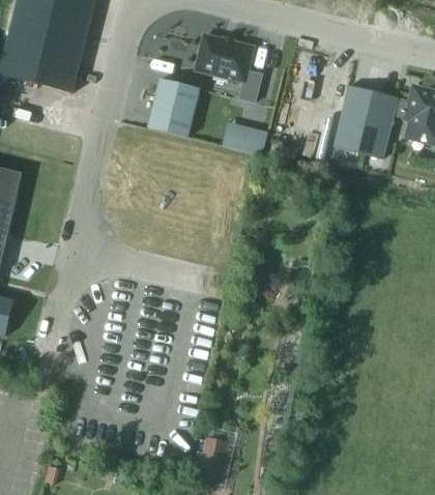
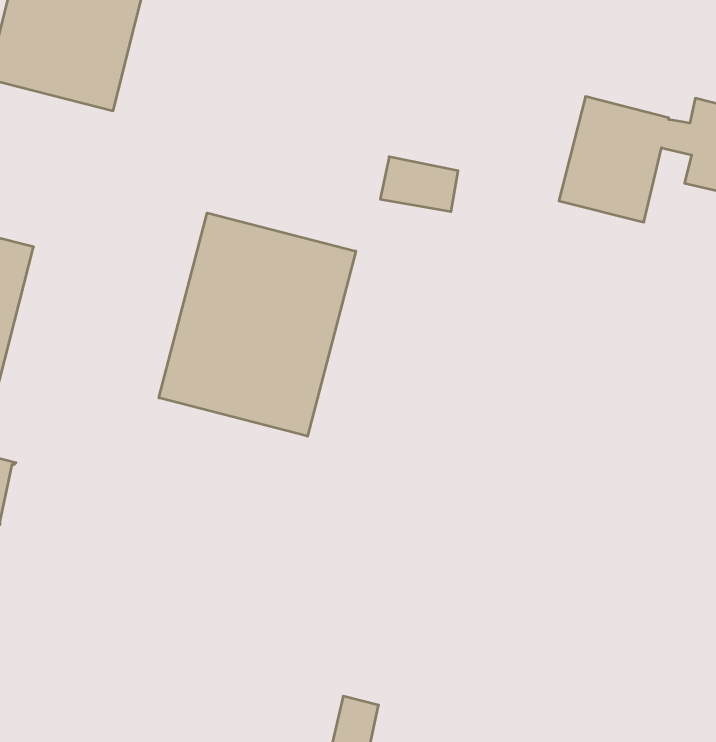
building: [194,35,260,101] -> none
building: [146,79,198,137] -> none
building: none -> [159,213,356,436]

